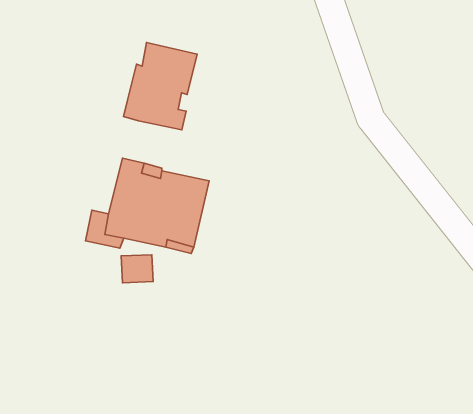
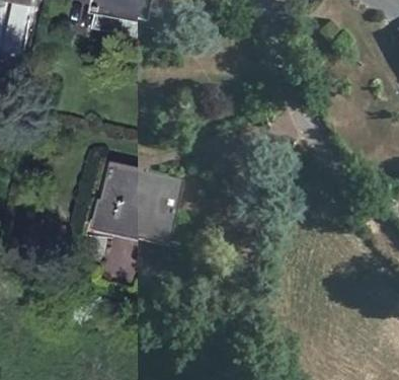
building: [123,42,197,130] -> none

